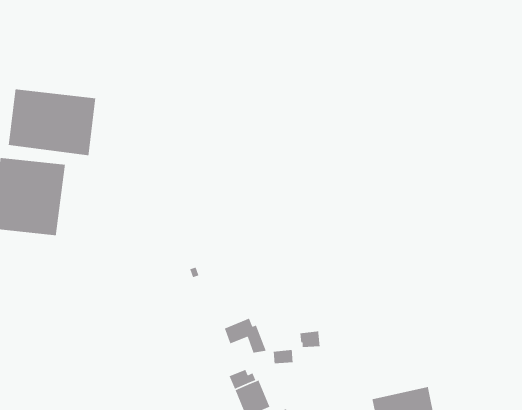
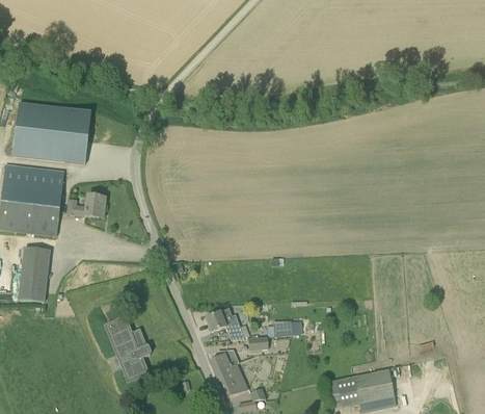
building: none -> [68,195,106,217]
building: none -> [19,247,50,301]
building: none -> [105,314,151,382]

